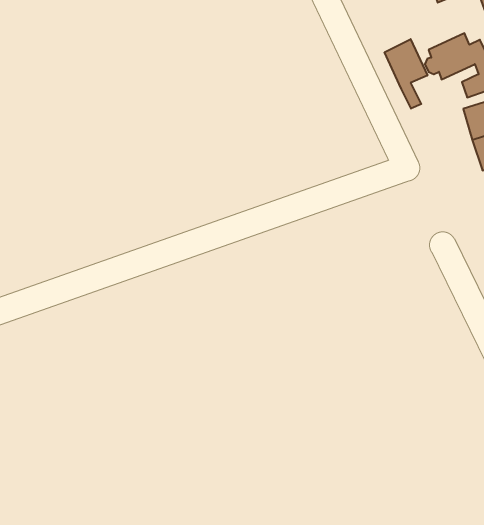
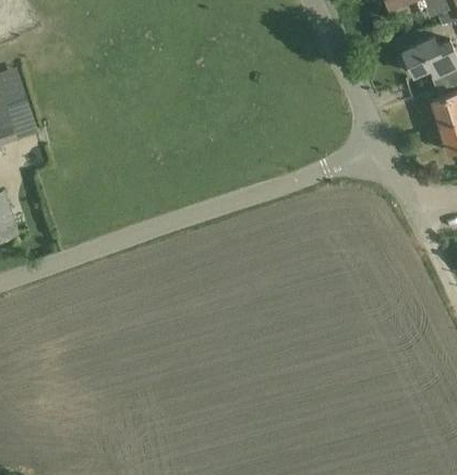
building: [385,39,427,109] -> none

